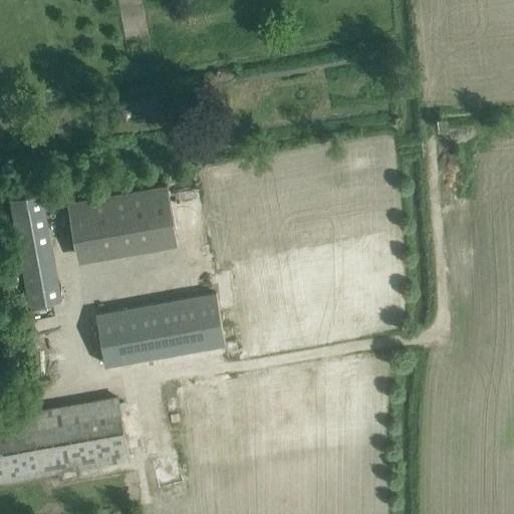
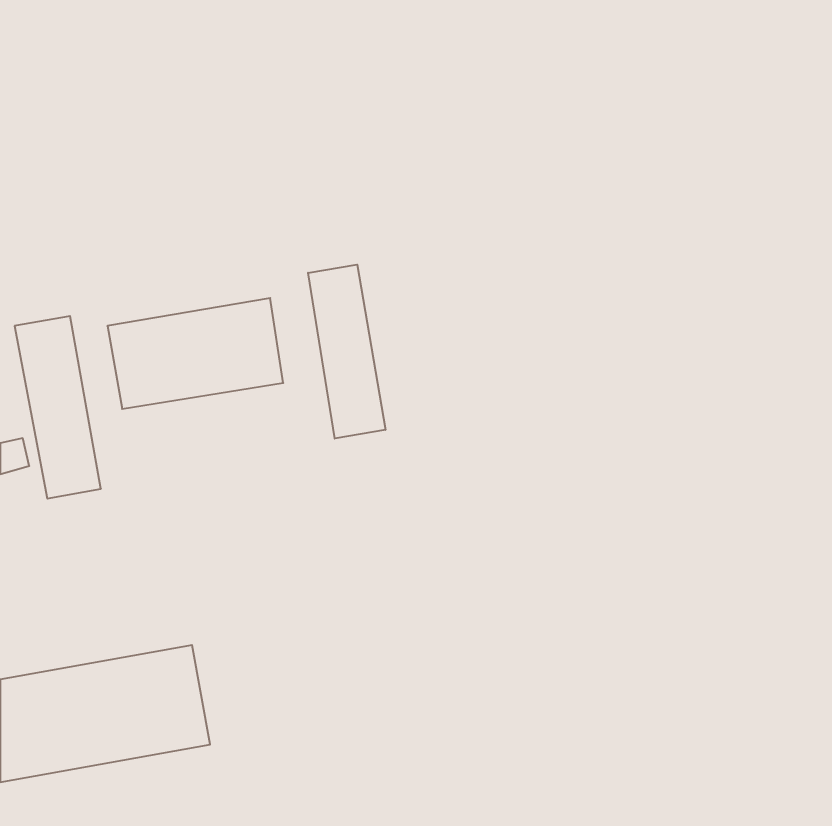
building: none -> [308,265,385,439]
building: [94,295,224,368] -> none

